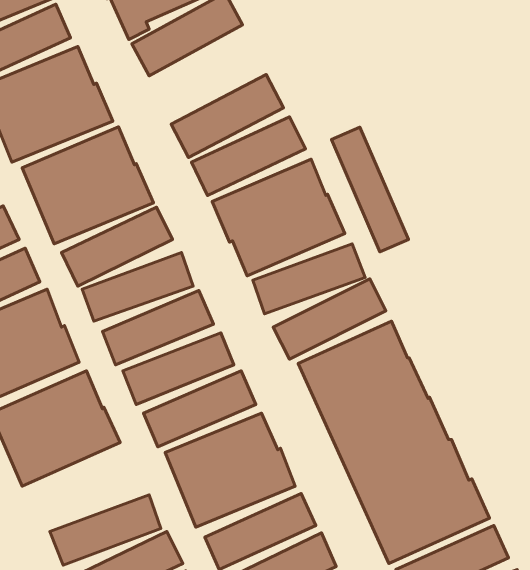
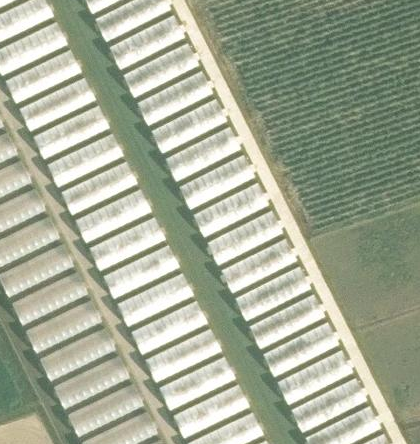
building: none -> [122,43,199,98]
building: [331,127,408,252] -> none
building: none -> [39,328,115,380]

